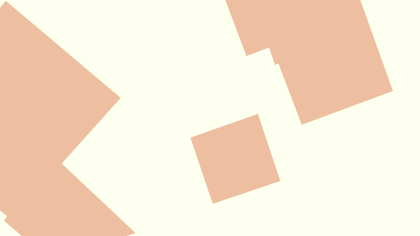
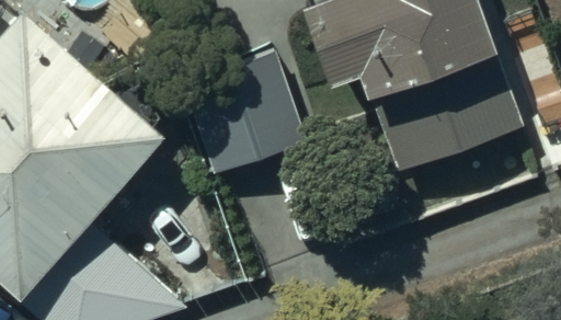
building: [190,113,281,205] -> [186,55,306,174]

